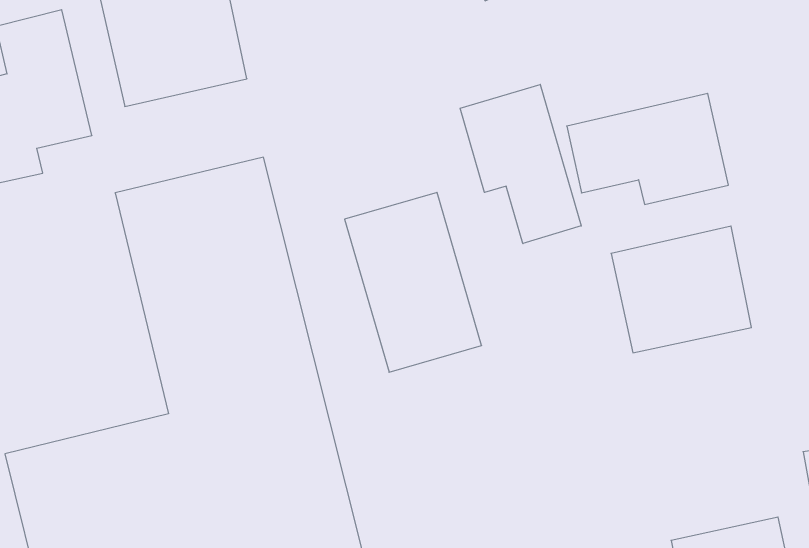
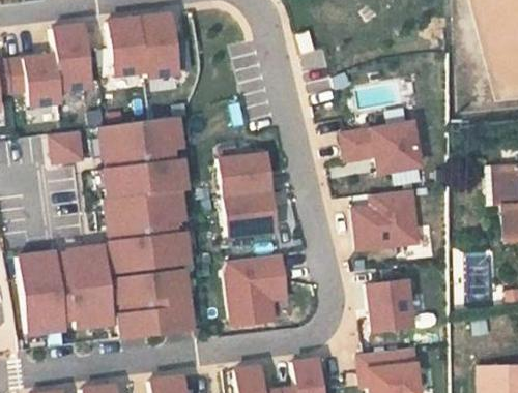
building: [460,84,581,244] -> none
building: none -> [48,131,86,165]
building: none -> [225,255,290,327]
building: none -> [365,279,414,334]

